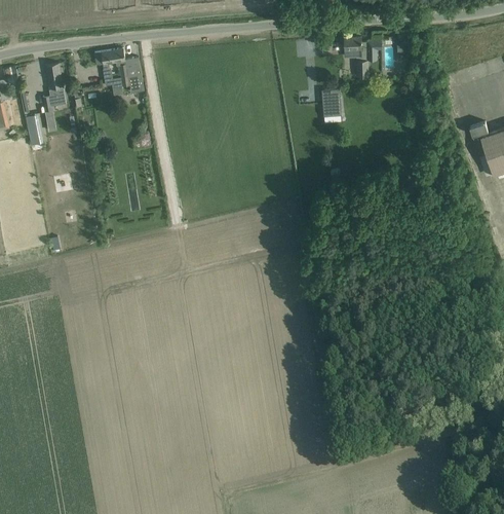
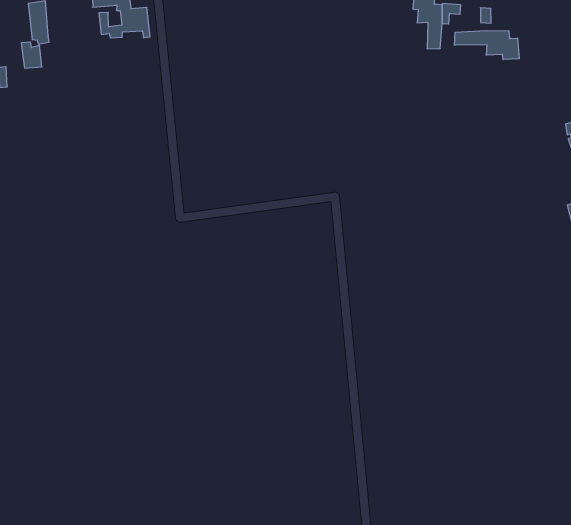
building: none -> [455,31,519,60]
building: [321,88,341,116] -> none

